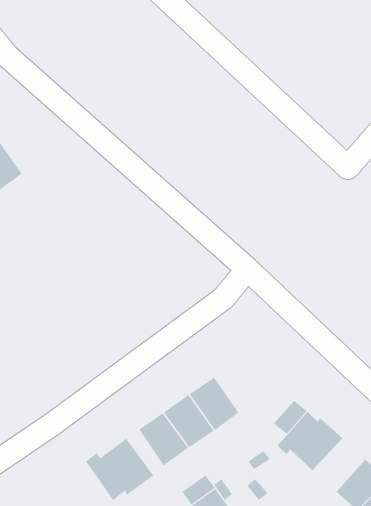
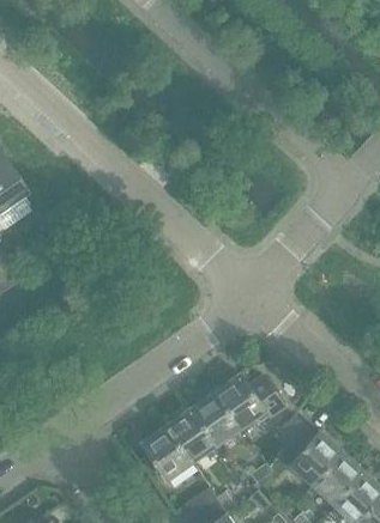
building: none -> [218,373,286,427]
building: [85,438,154,501] -> none
building: none -> [314,452,366,505]

